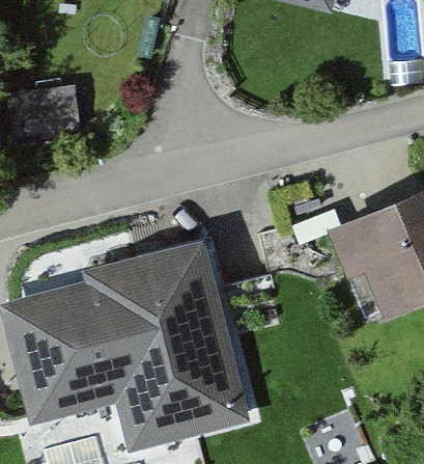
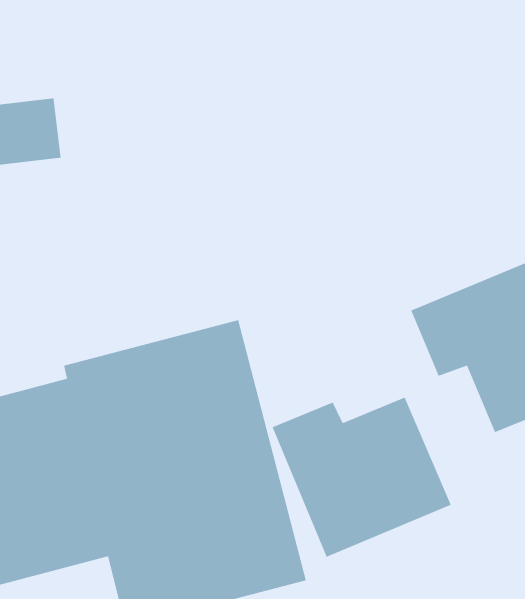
building: none -> [271,397,452,558]

